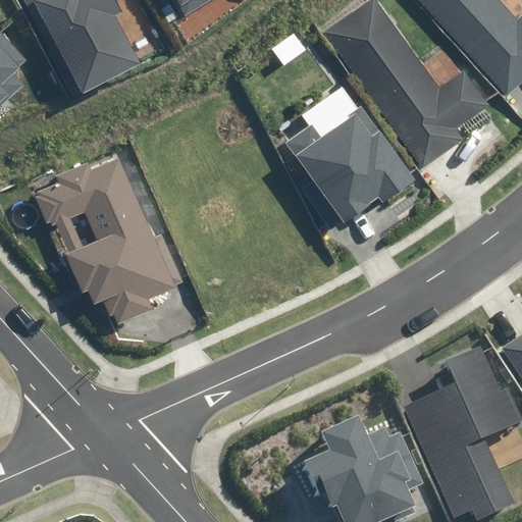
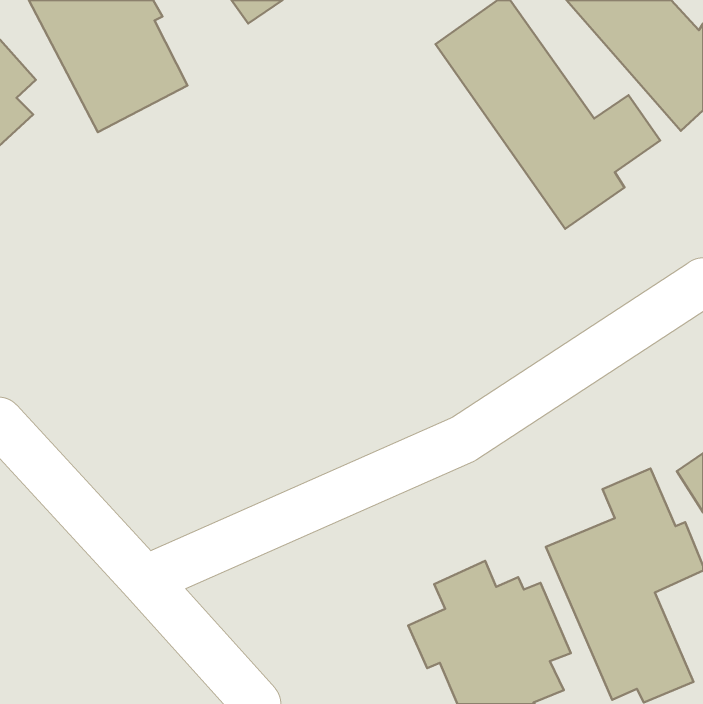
building: [285,105,415,222] -> none
building: [36,158,182,324] -> none

